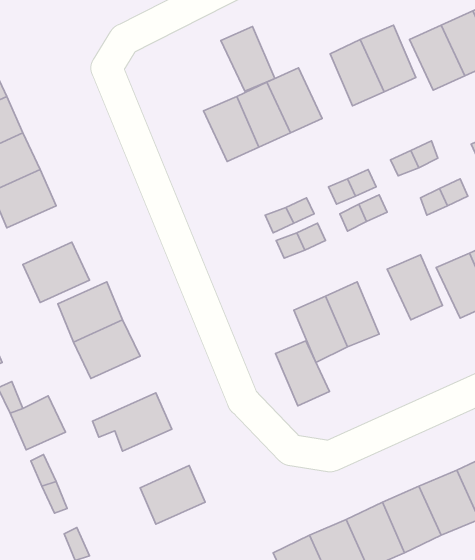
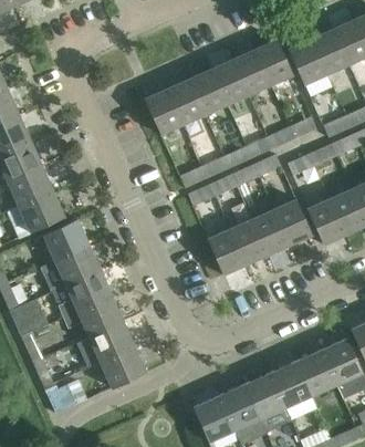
building: [221,26,275,91] -> [211,59,249,104]
building: none -> [8,165,53,206]
building: [276,341,329,406] -> [252,209,290,254]
building: none -> [62,270,112,315]
building: none -> [88,321,135,362]

